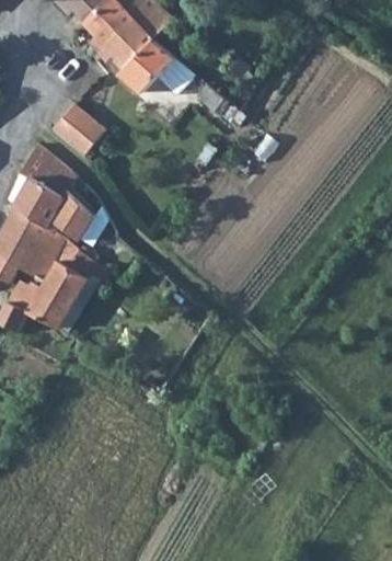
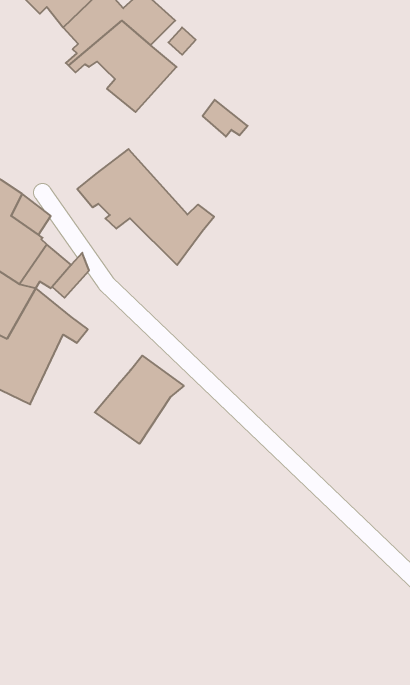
building: [51,106,104,158] -> none
building: none -> [77,149,214,265]
building: none -> [95,356,184,444]

